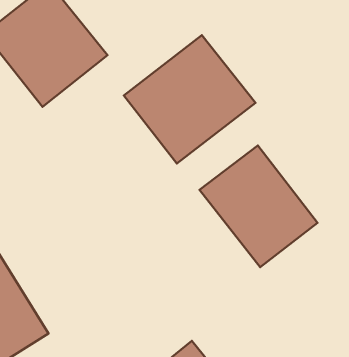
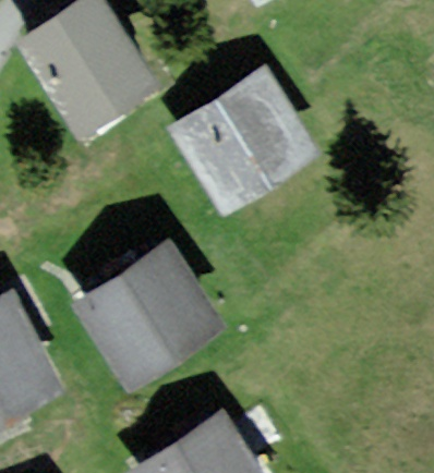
building: [199,145,318,267] -> none
building: none -> [74,245,222,390]

